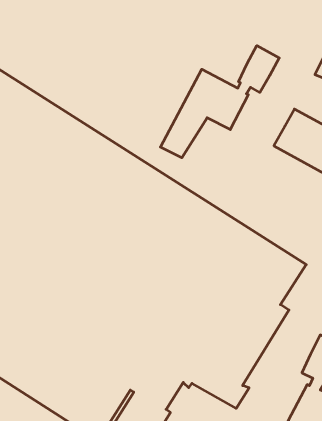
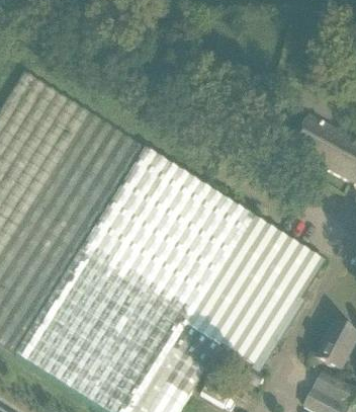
building: [160,46,279,158] -> none

